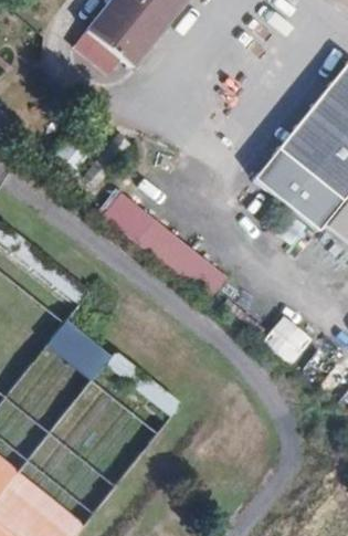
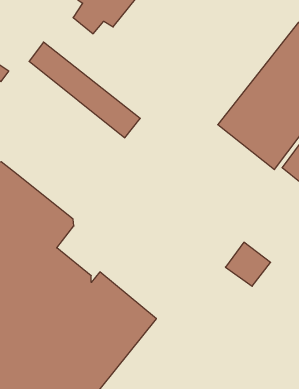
building: [99,190,228,301] -> [29,42,140,138]

